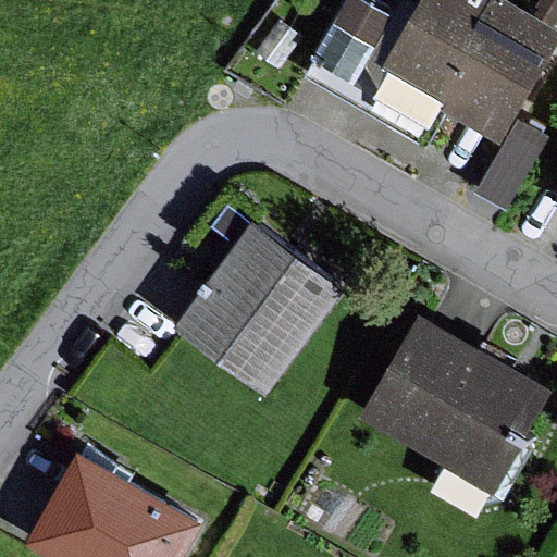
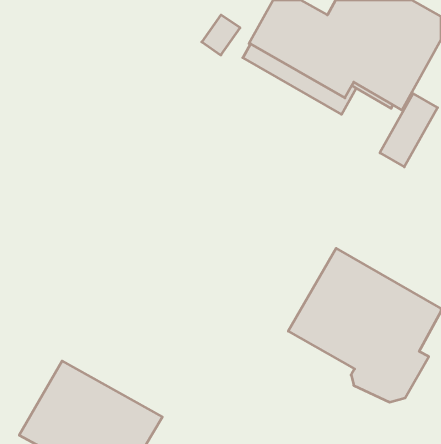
building: [175,219,346,393] -> none

